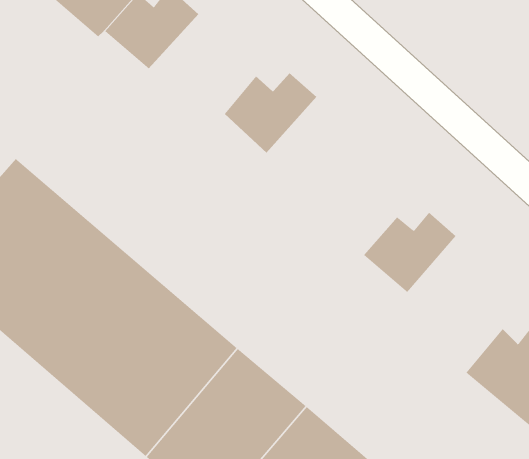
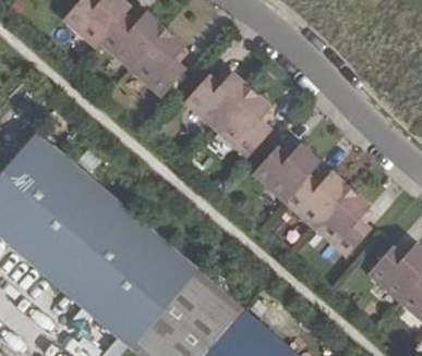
building: none -> [132,30,186,97]
building: none -> [216,89,272,157]
building: none -> [253,144,321,201]
building: none -> [316,188,372,256]

